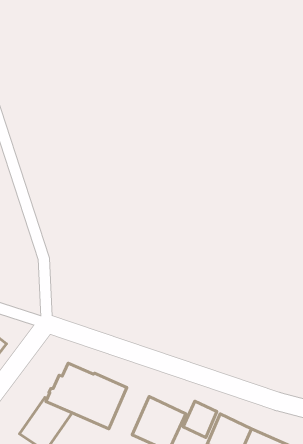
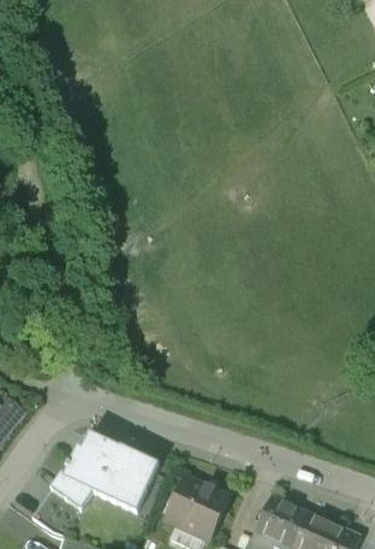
building: [183,401,217,437] -> none

